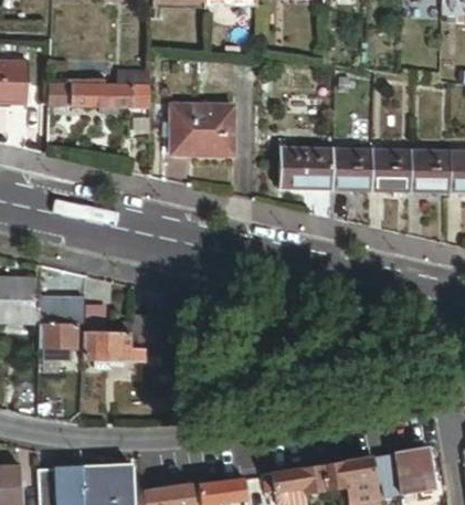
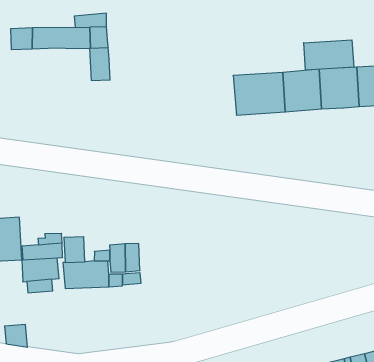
building: [171,105,233,155] -> none
building: none -> [304,40,354,70]

